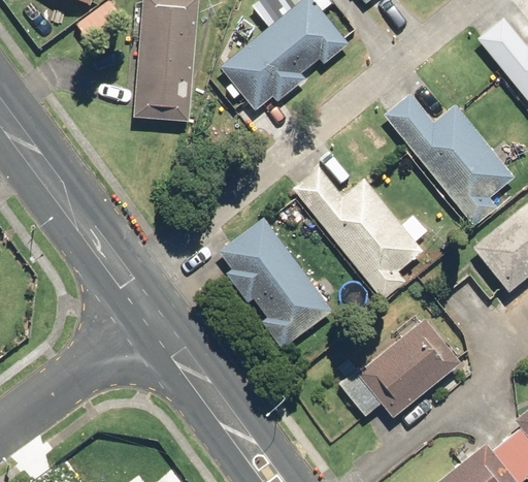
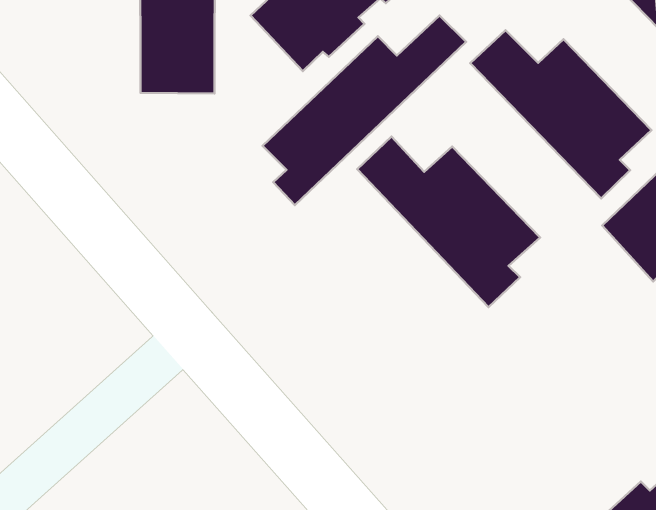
building: none -> [263,16,466,205]
building: [221,219,331,344] -> none
building: [357,318,461,417] -> none

